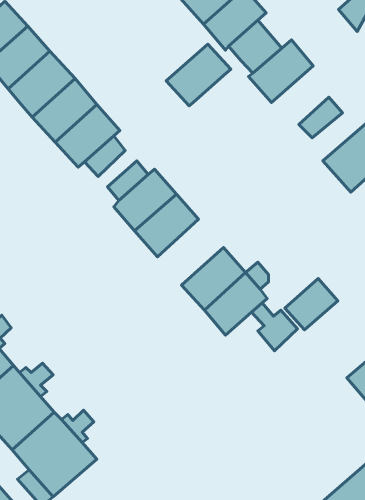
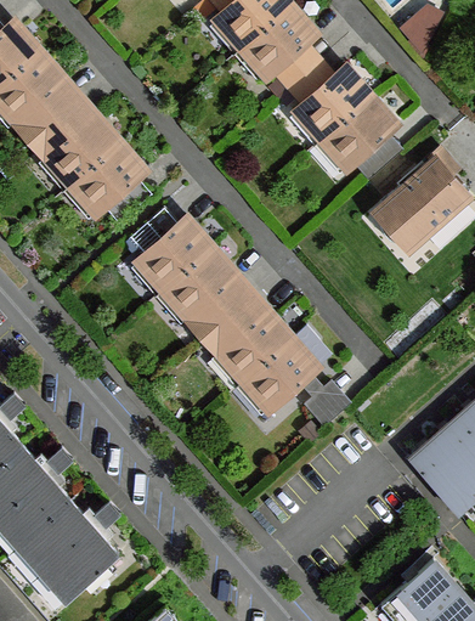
building: [166,44,231,106] -> [321,97,396,169]
building: none -> [188,276,265,352]
building: [285,279,338,330] -> none

